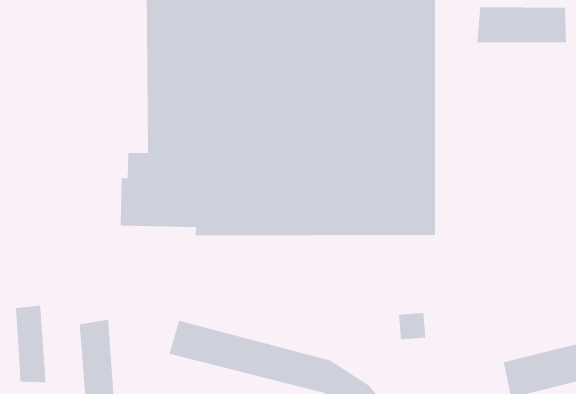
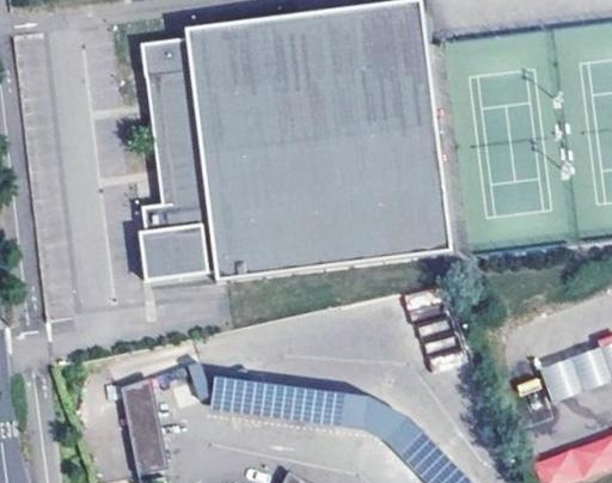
building: [476,6,567,43] -> none
building: [15,305,46,383] -> none

